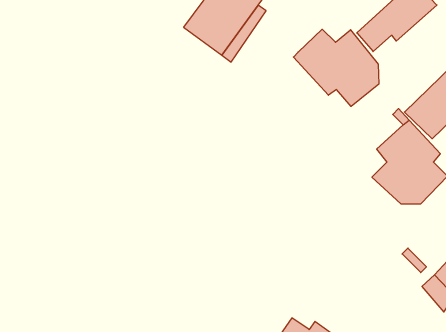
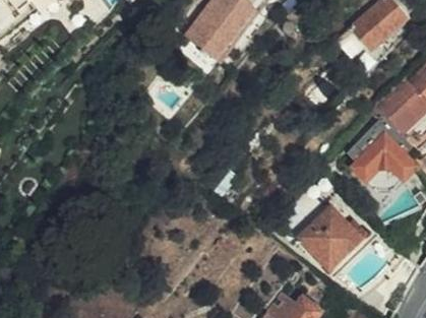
building: [293,29,379,106] -> none
building: none -> [291,201,365,269]

